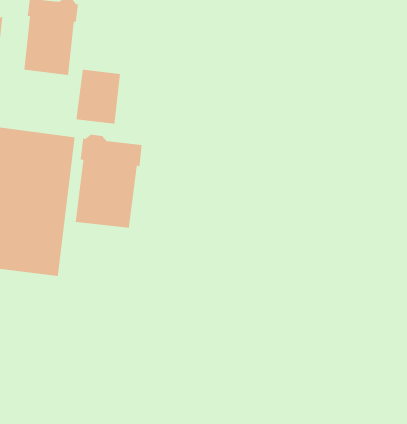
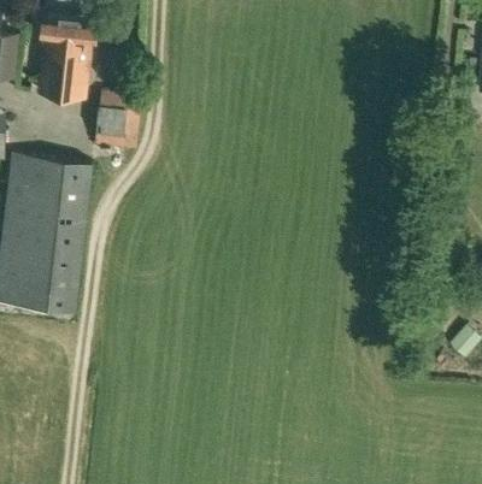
building: [75,134,143,228] -> none

